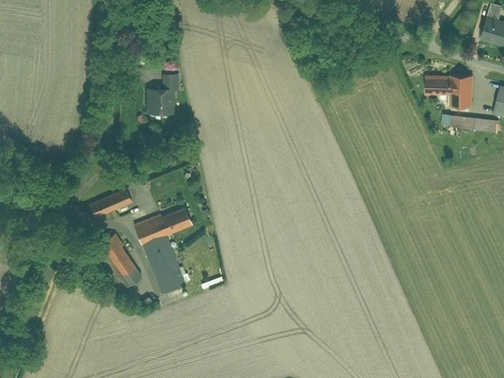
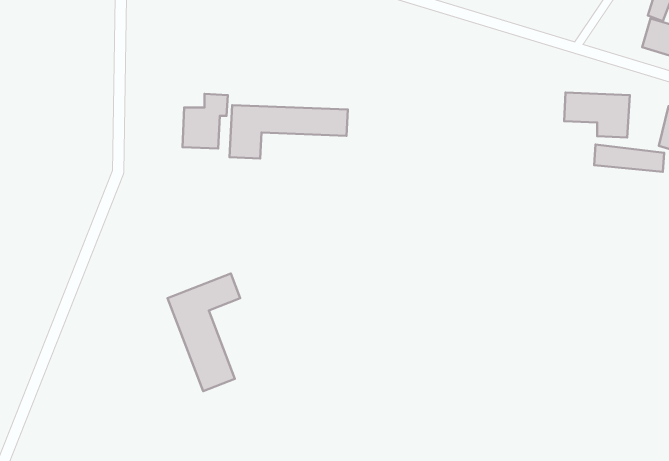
building: none -> [230,105,348,159]
building: [87,191,130,221] -> none
building: [100,237,140,285] -> none

